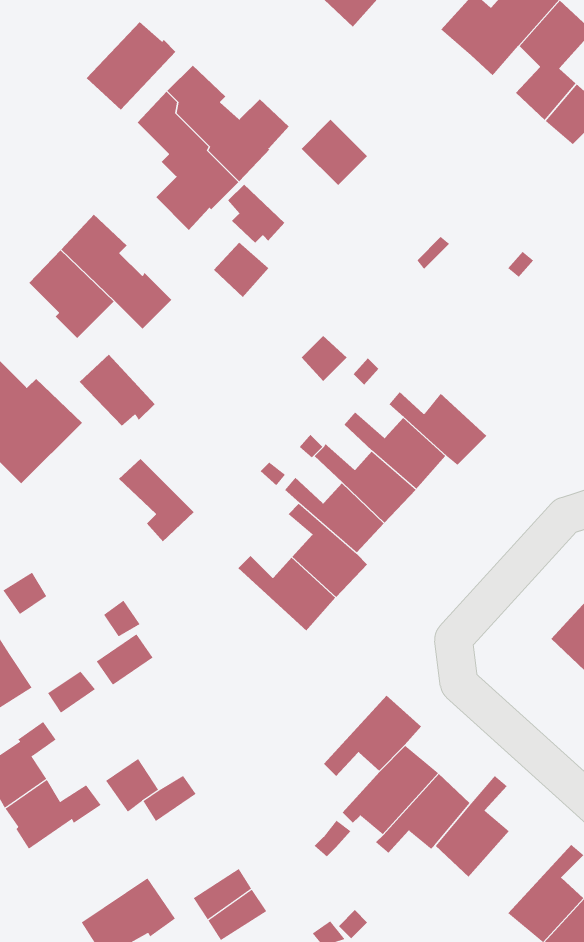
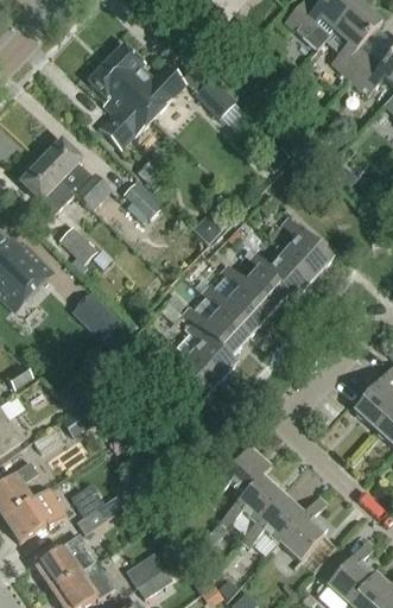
building: [86,21,176,111] -> none
building: [227,184,285,243] -> [122,183,159,221]
building: none -> [281,215,332,278]
building: none -> [36,532,96,588]

